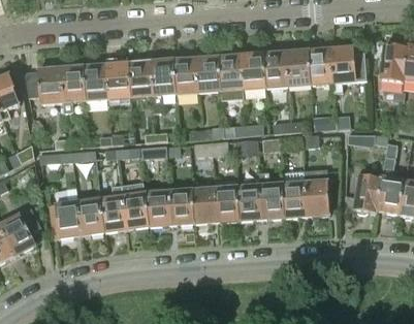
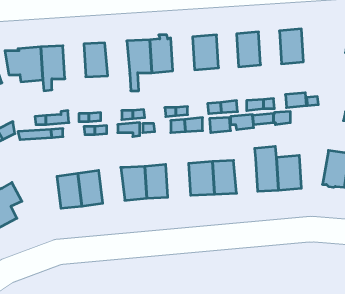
building: [330,47,368,93] -> none
building: [286,51,310,86] -> none
building: [243,54,265,89] -> none
building: [195,57,220,92] -> none
building: [127,61,153,97] -> none
building: [84,64,107,100] -> none
building: [259,171,285,219] -> none
building: [120,183,148,229] -> none
building: [50,187,82,238] -> none
building: [190,188,216,223] -> none

